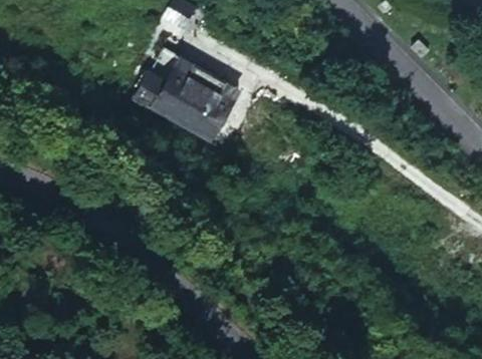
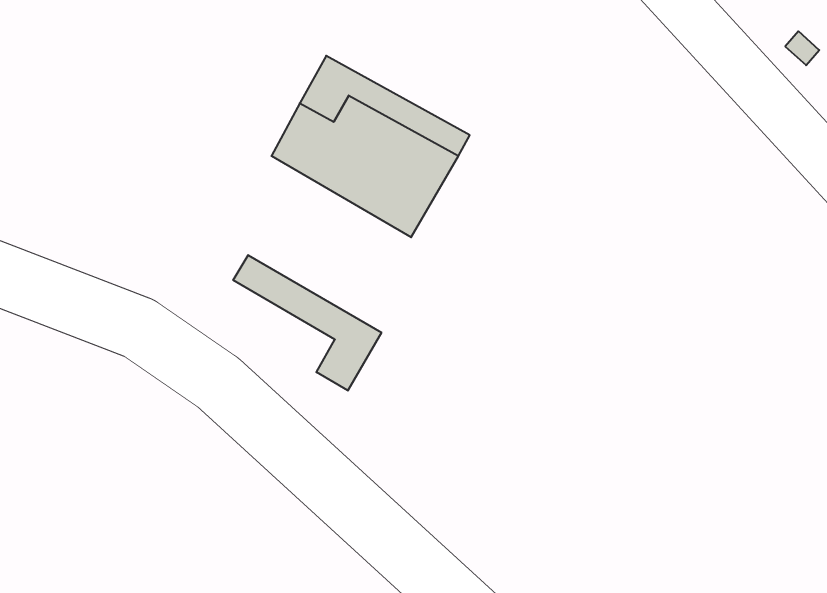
building: none -> [233,255,381,391]

